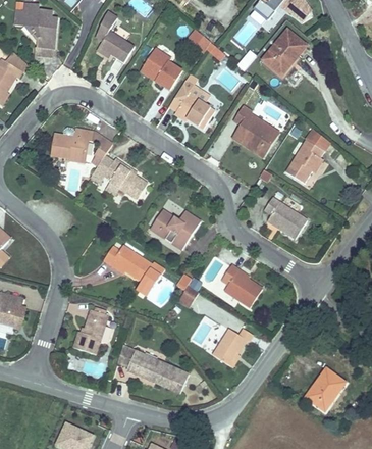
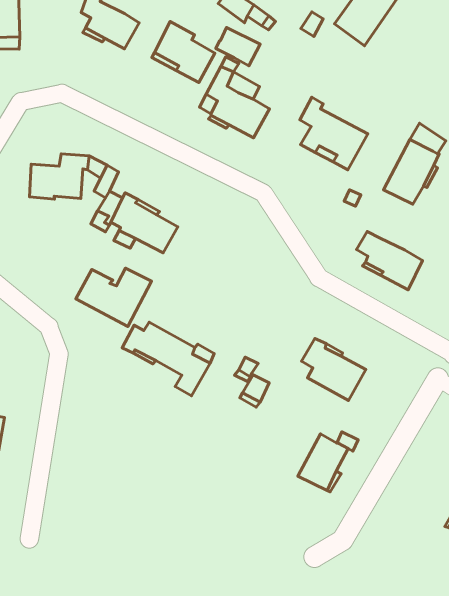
building: none -> [216,27,260,66]
building: [150,209,201,249] -> [76,268,152,327]
building: [73,308,108,354] -> none
building: [117,346,189,393] -> none

